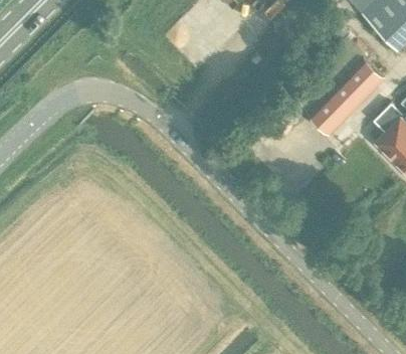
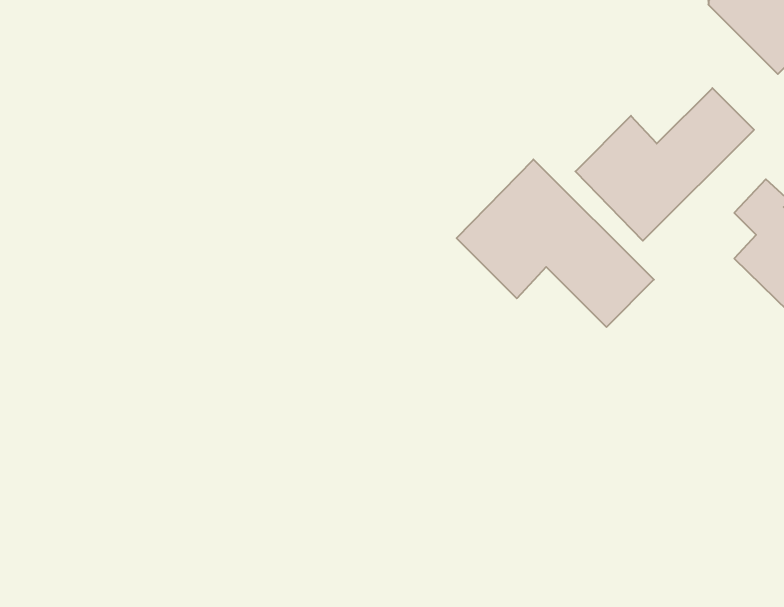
building: none -> [457,159,654,327]

